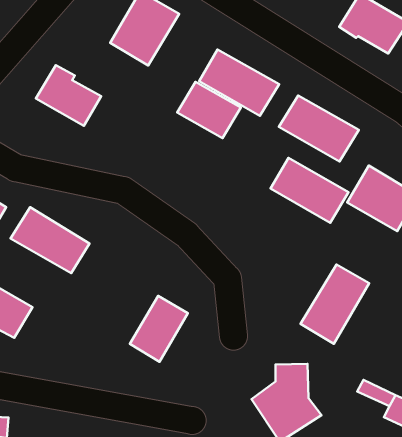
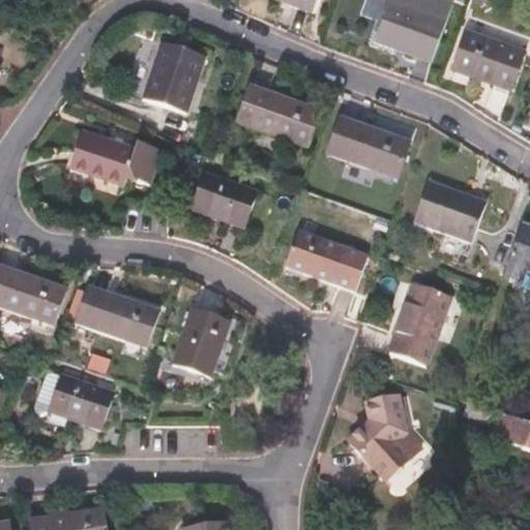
building: [177,82,241,138] -> [194,174,259,228]
building: [270,158,348,223] -> [288,232,370,292]
building: [130,296,188,362] -> [170,312,225,380]

